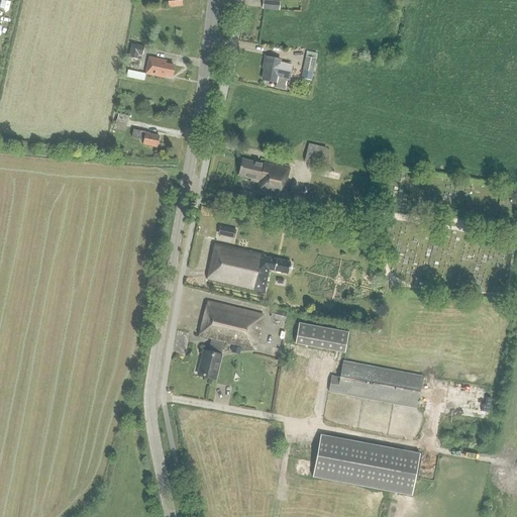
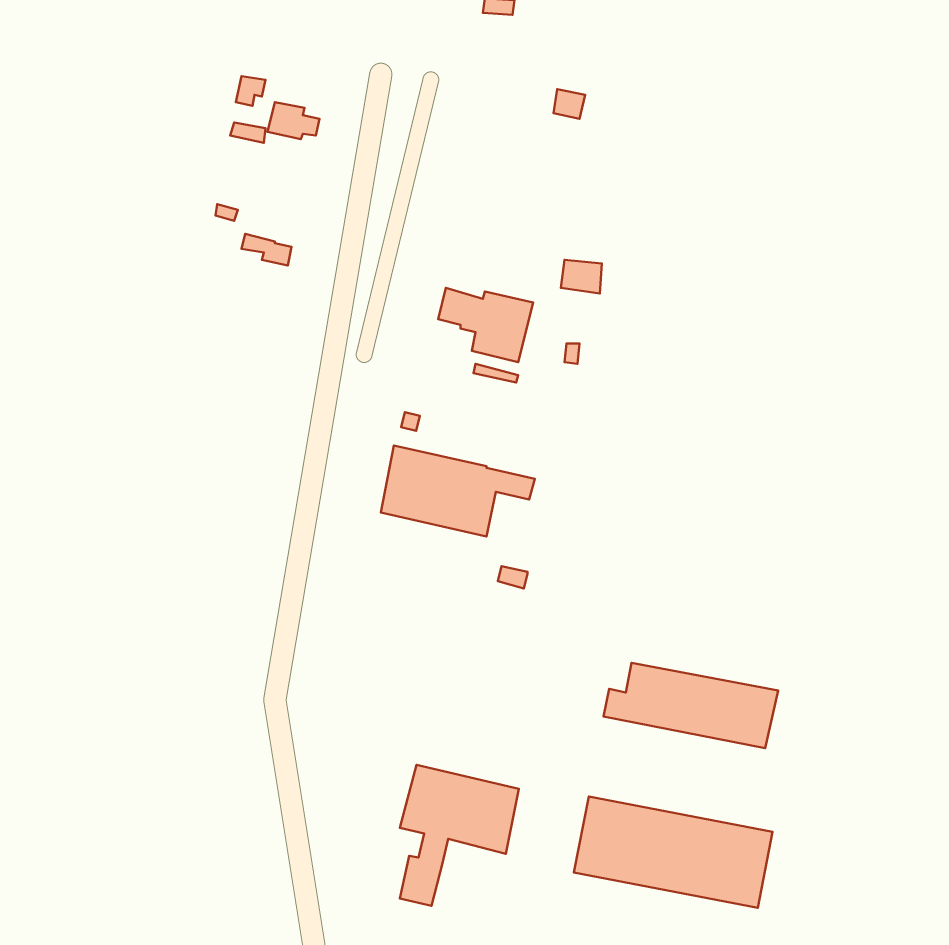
building: [263,55,292,88] -> none
building: [198,300,263,377] -> [400,765,519,906]
building: [294,319,347,349] -> none

